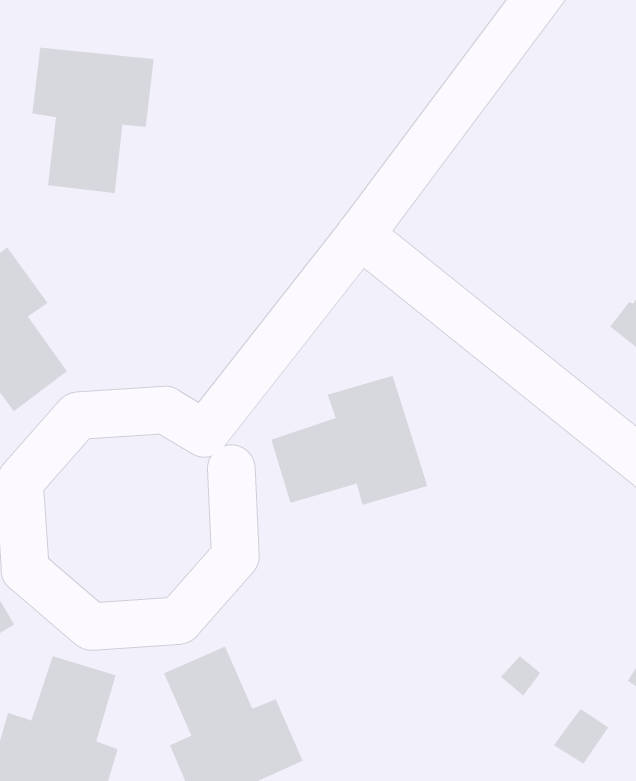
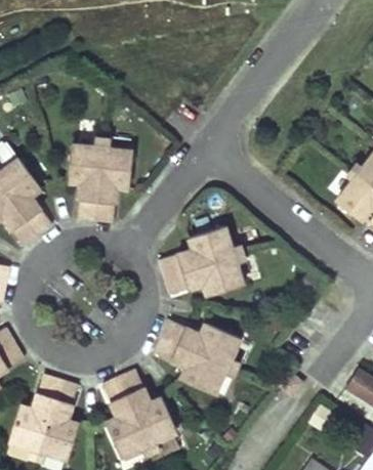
building: [32,47,154,193] -> [69,146,133,223]
building: none -> [153,319,239,394]

